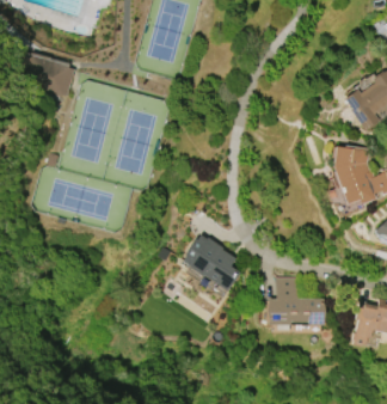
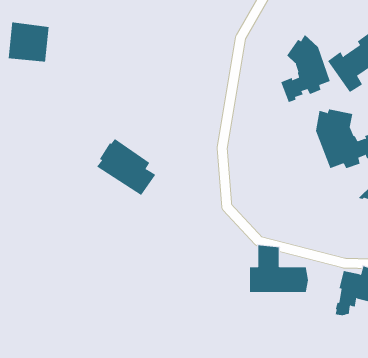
building: none -> [281,34,331,103]
building: [183,234,241,290] -> [96,138,156,196]

